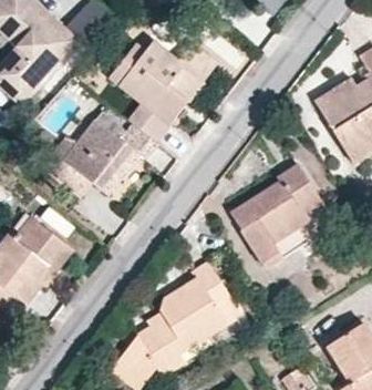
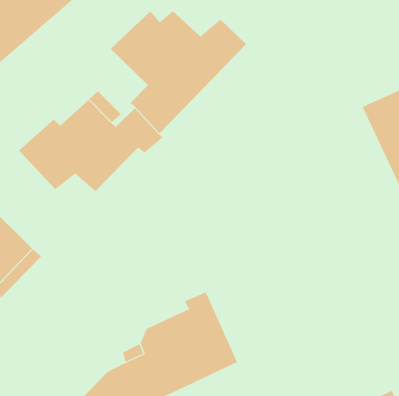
building: [230,164,324,265] -> none

